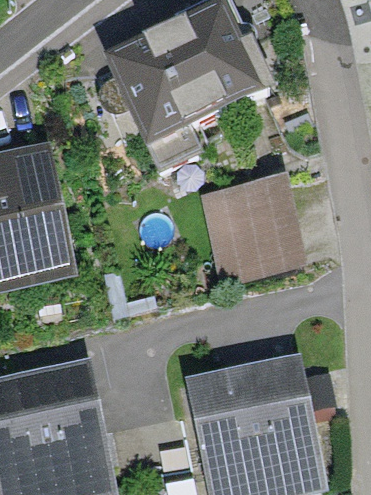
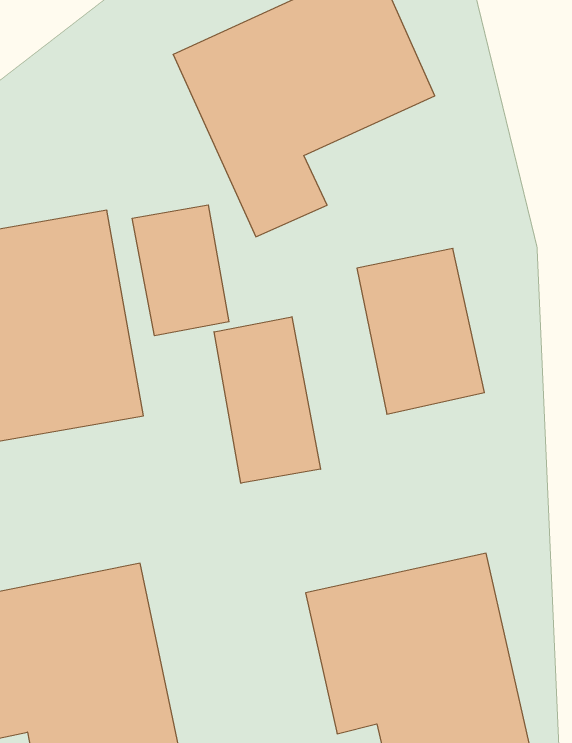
building: none -> [132,205,229,336]
building: none -> [214,317,321,483]

